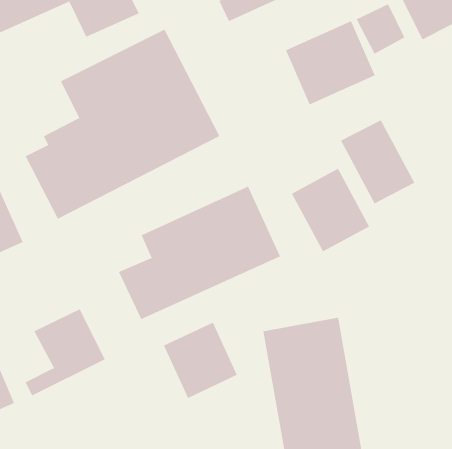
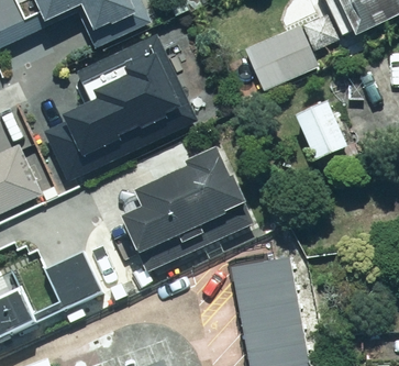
building: [291,168,370,252] -> none
building: [163,322,238,399] -> none

